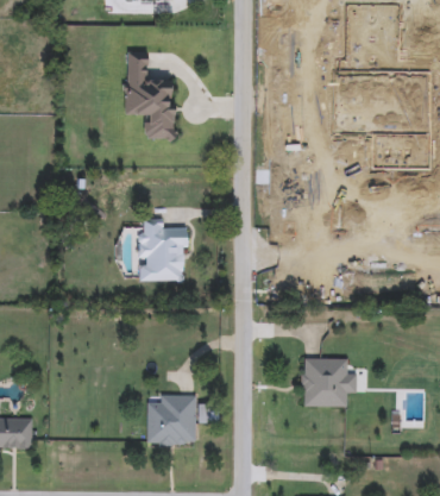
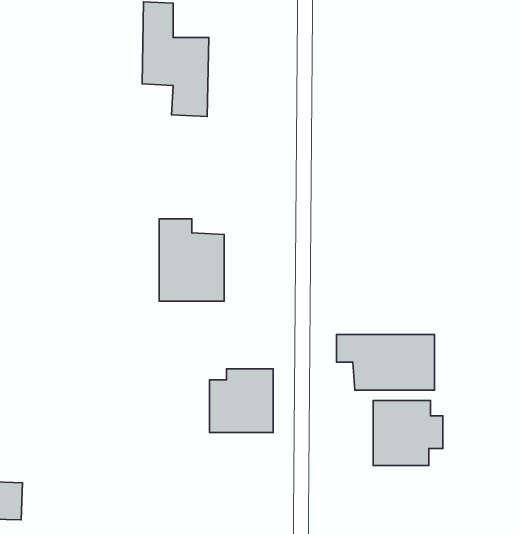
building: none -> [336,334,434,390]
building: [146,395,195,444] -> [210,369,273,433]

